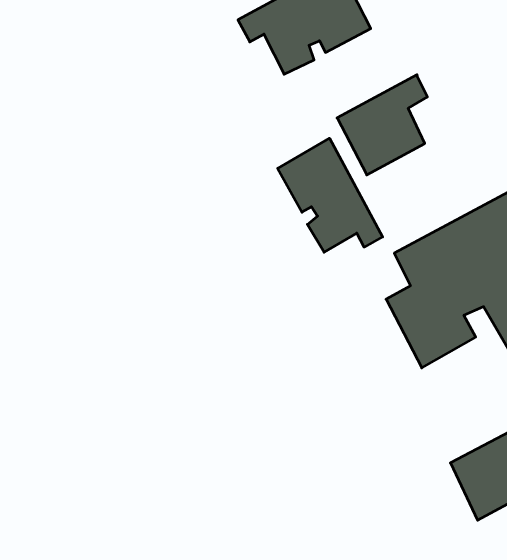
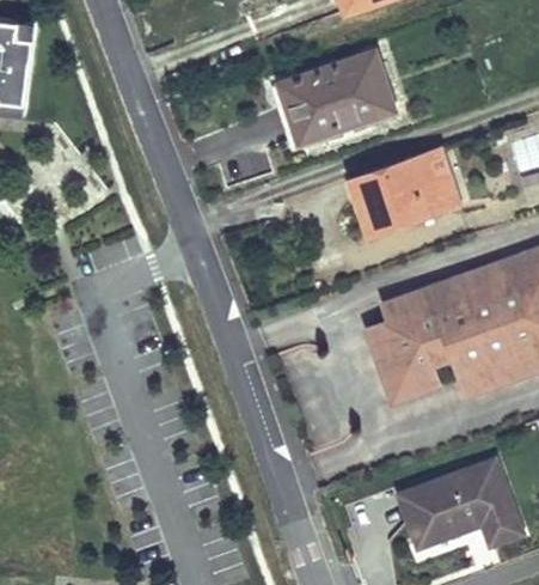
building: none -> [412,151,454,214]
building: [278,138,383,252] -> none

